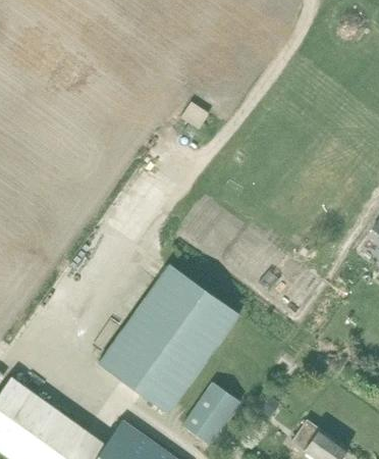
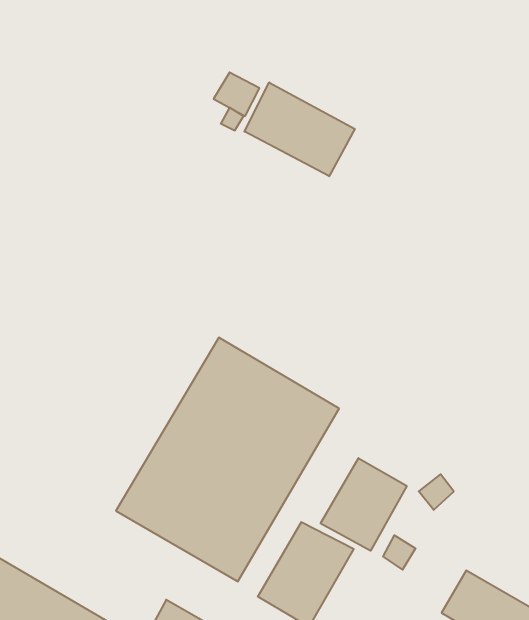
building: none -> [244,82,355,176]
building: none -> [321,458,407,551]

